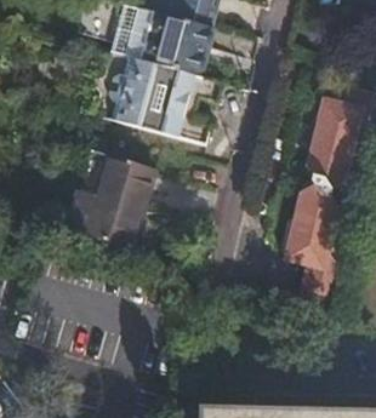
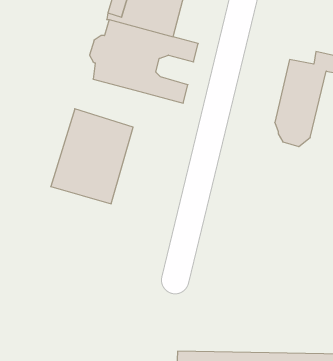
building: [285,183,342,296] -> none

